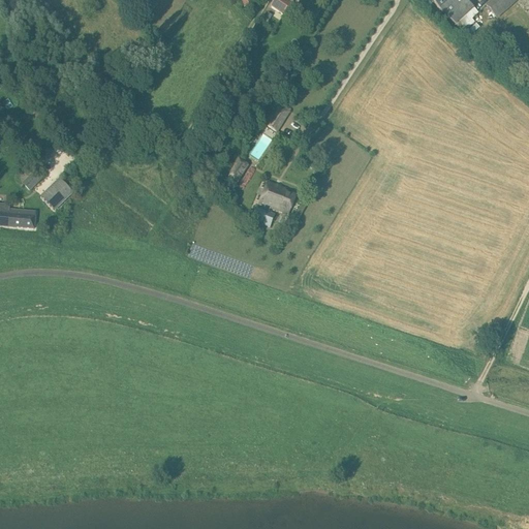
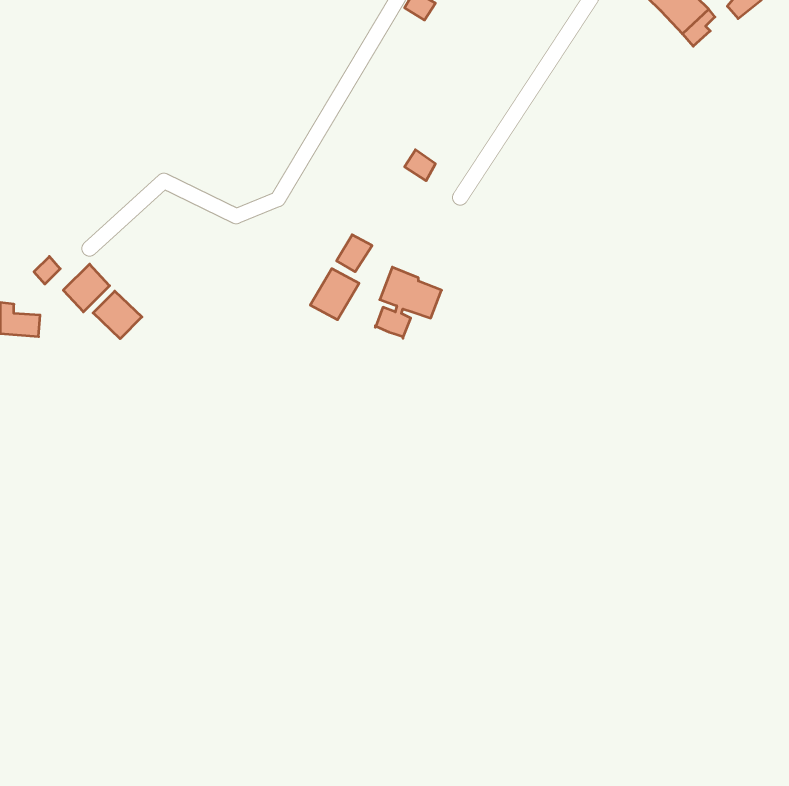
building: none -> [310,269,359,320]
building: none -> [93,291,142,339]

